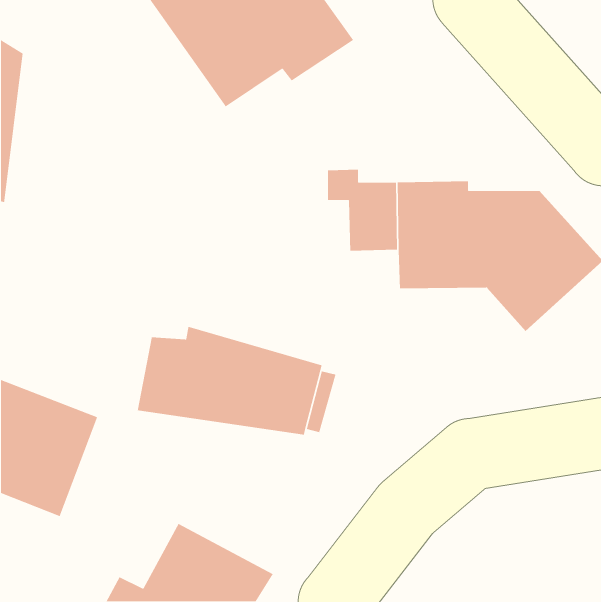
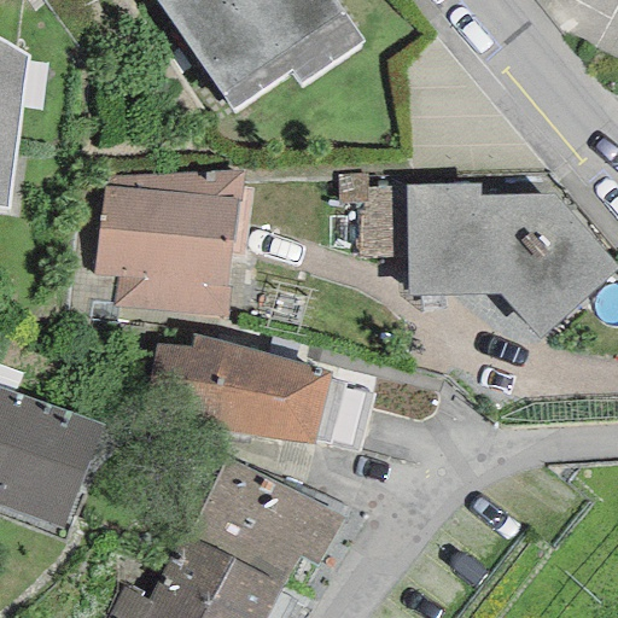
building: none -> [94,171,244,315]
building: none -> [185,455,344,587]

